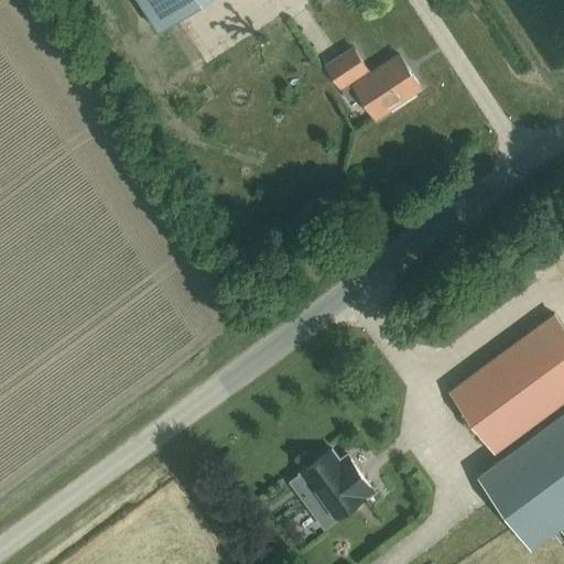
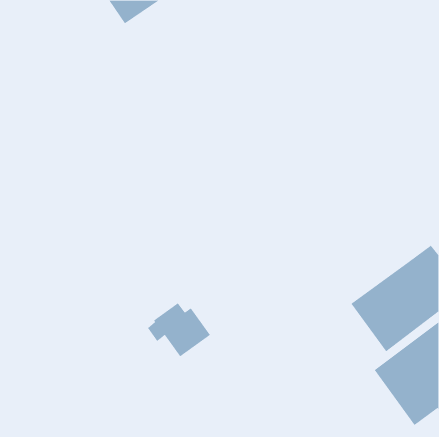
building: [326,50,421,120] -> none
building: [292,451,373,521] -> [147,302,211,357]

